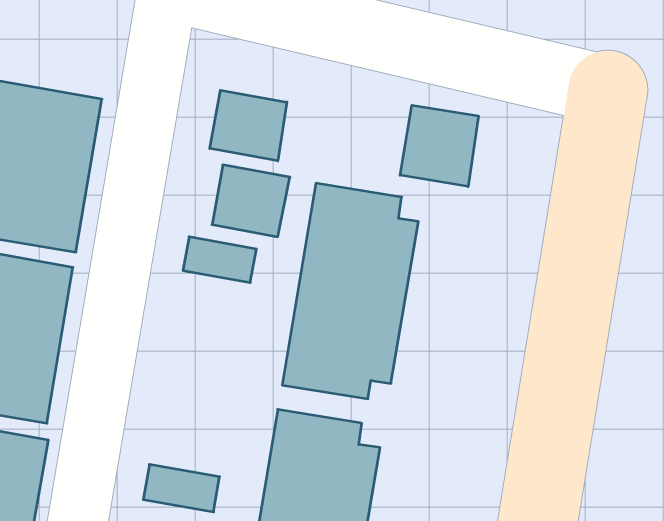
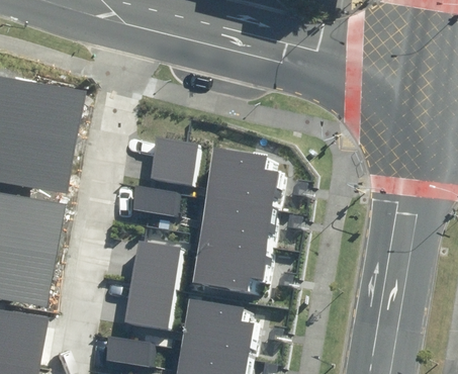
building: [210,90,287,161] -> none
building: [400,105,478,187] -> none
building: none -> [123,240,181,326]

